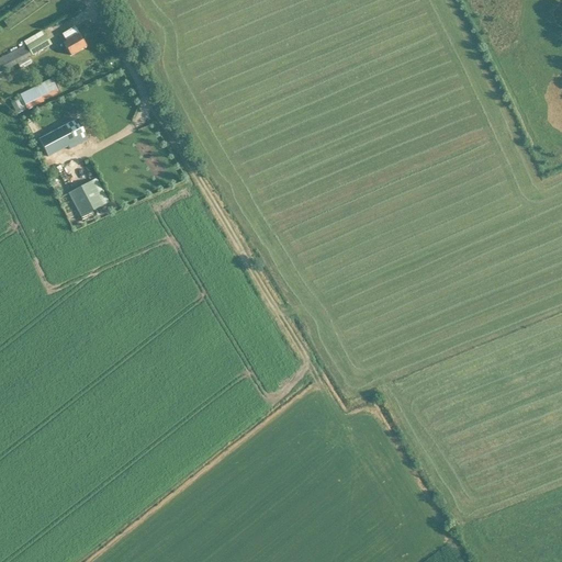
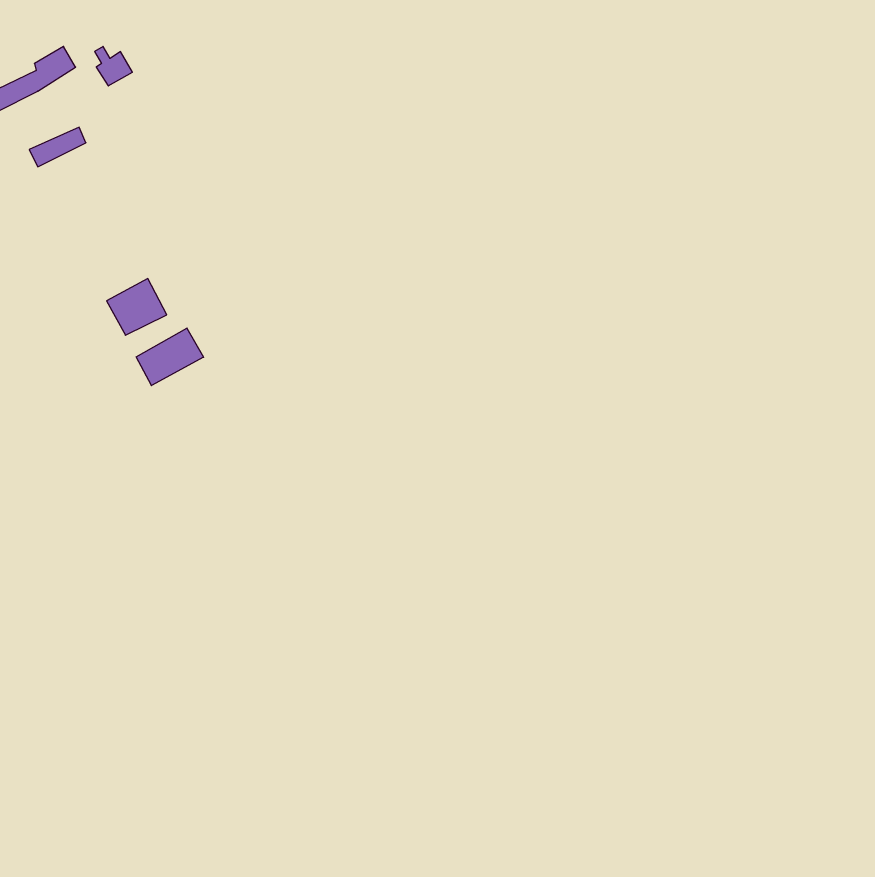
building: [37,119,89,156] -> none
building: none -> [136,328,204,386]

